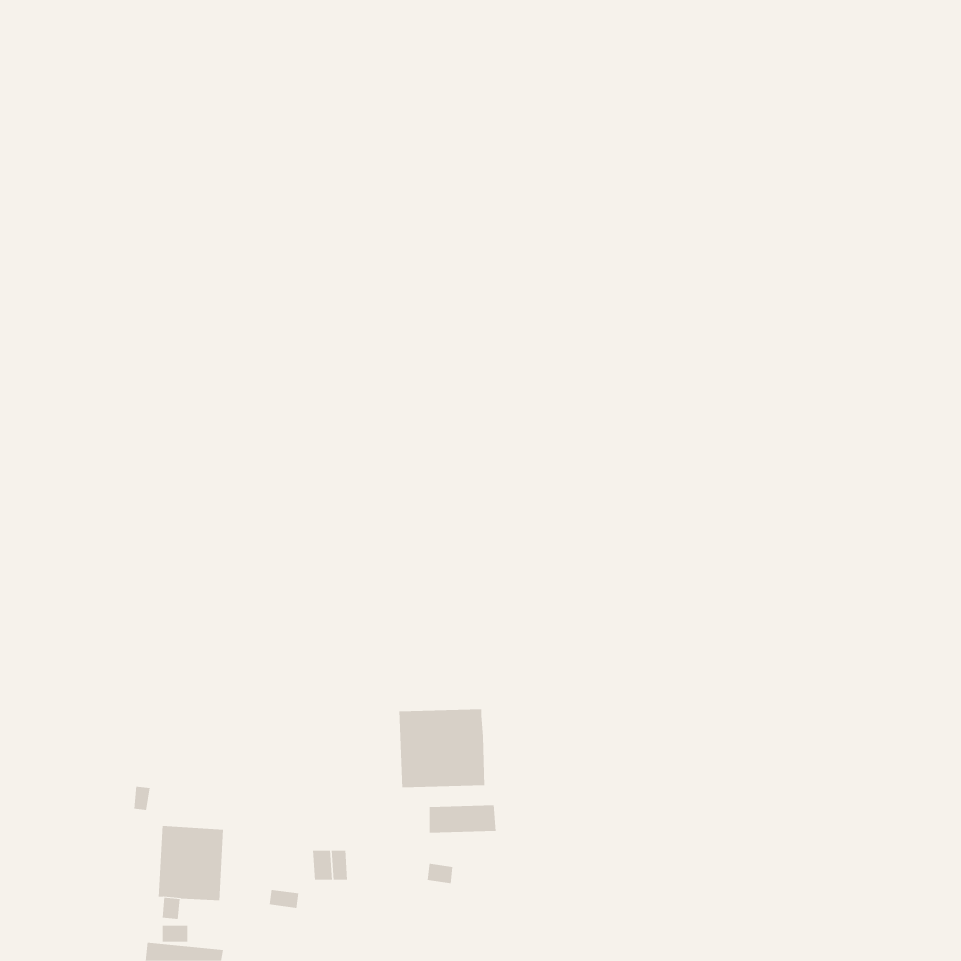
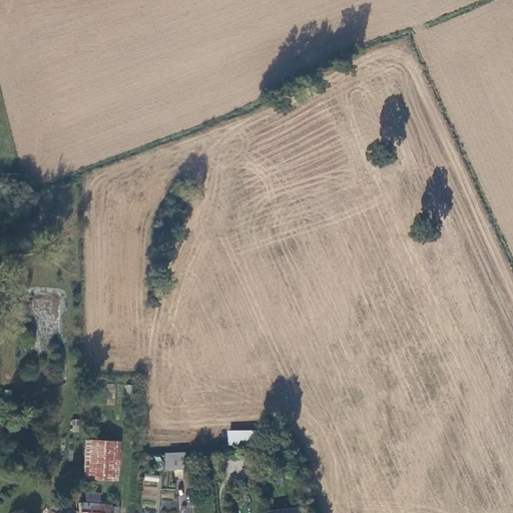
building: [399,708,485,788] -> none

